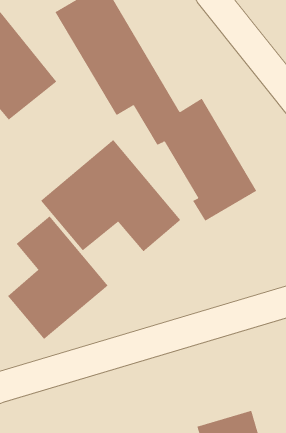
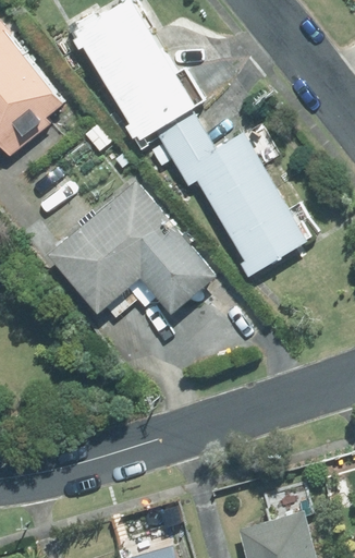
building: [7,216,109,340] -> none

